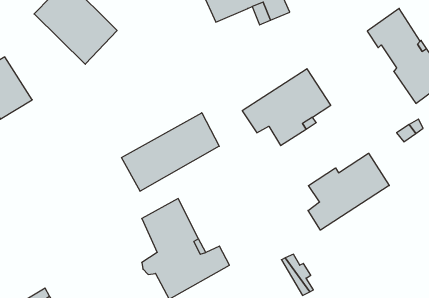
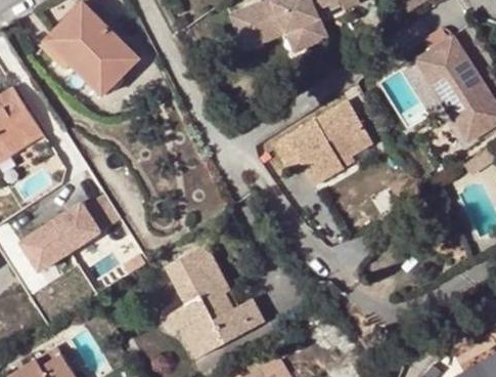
building: [122,113,219,191] -> none
building: none -> [17,194,117,271]
building: [308,153,389,230] -> none

